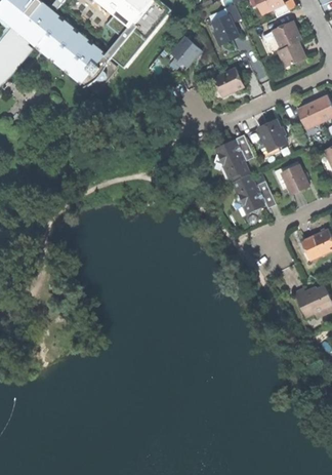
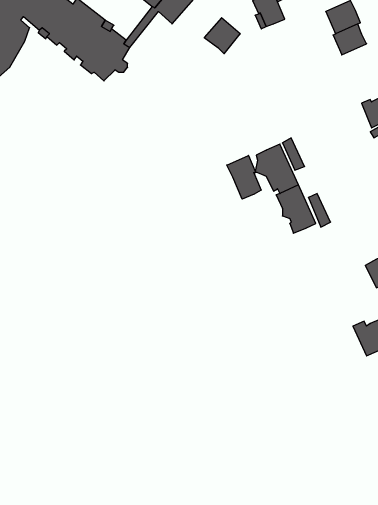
building: [212,68,243,96] -> none
building: [257,120,285,150] -> none
building: none -> [227,155,261,199]
building: [280,163,307,193] -> none

